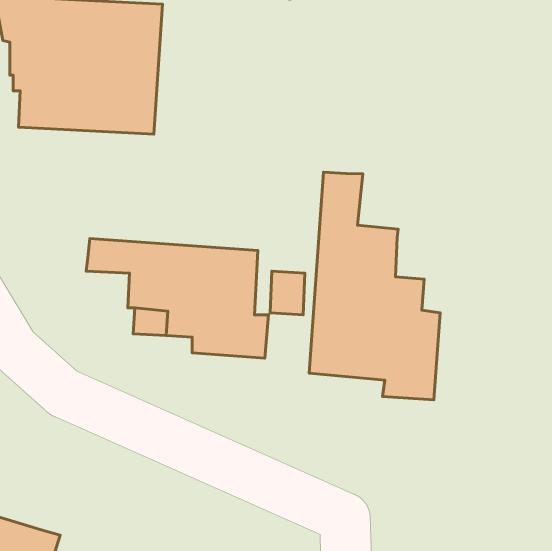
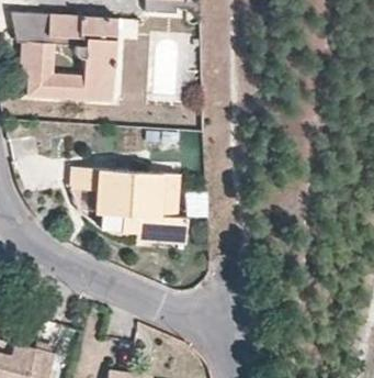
building: [309,172,440,400] -> none

